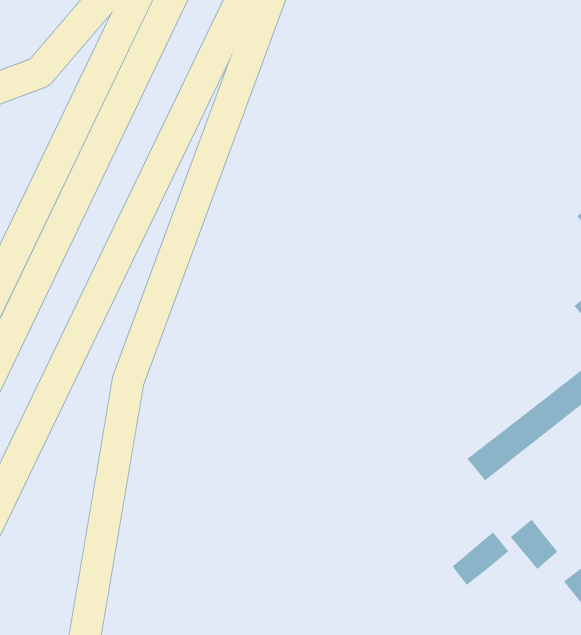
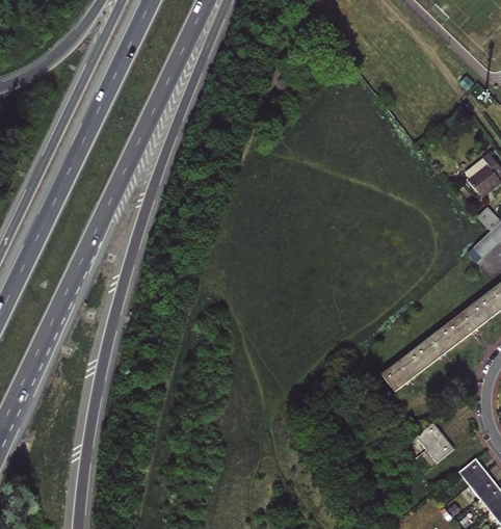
building: [452,532,509,586] -> none

